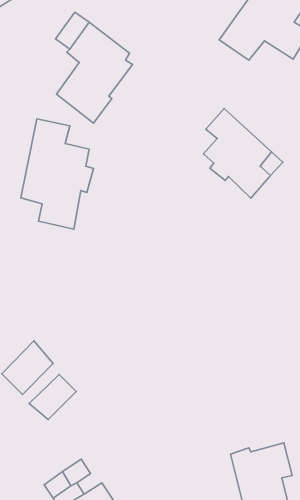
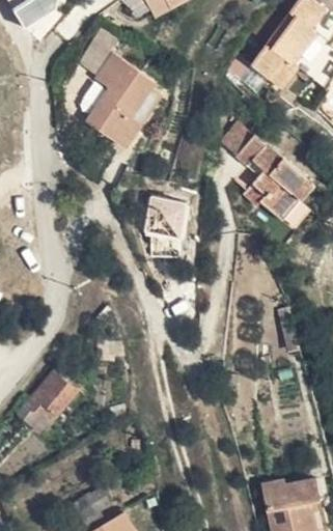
building: [21,119,93,229] -> none
building: none -> [139,200,187,248]
building: [29,374,76,419] -> none

